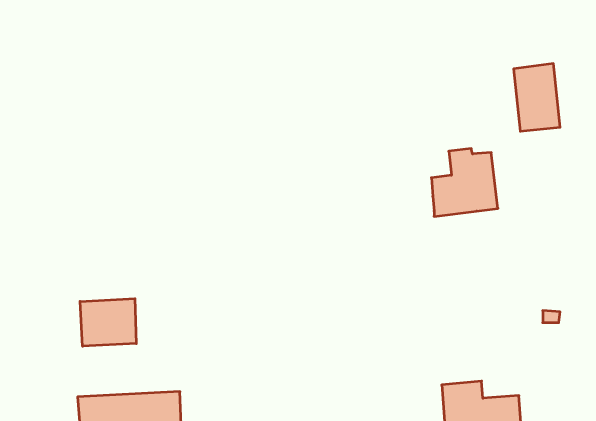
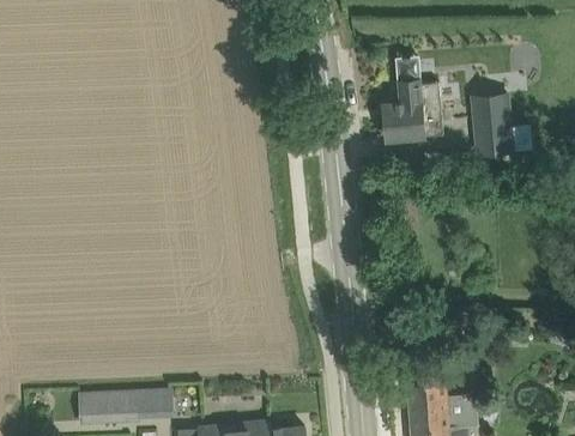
building: [431,149,498,216] -> [382,79,442,140]
building: [80,299,136,346] -> none

